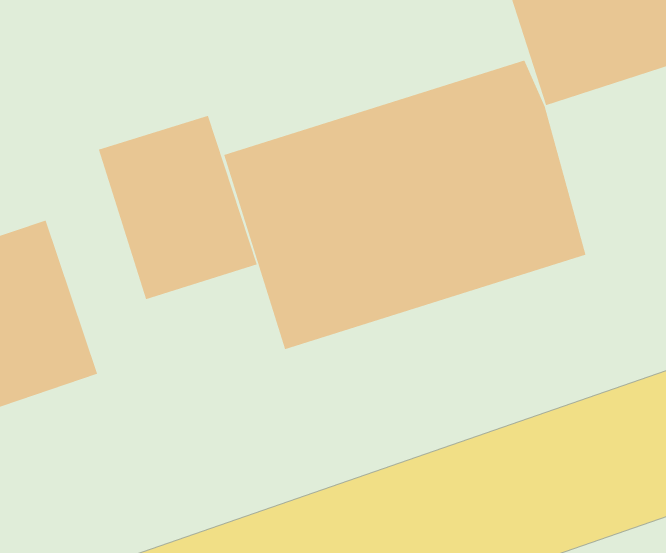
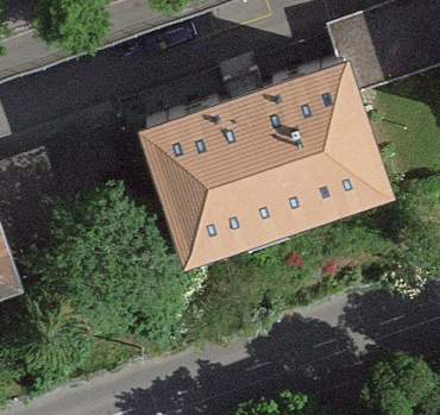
building: [98,115,258,300] -> none

